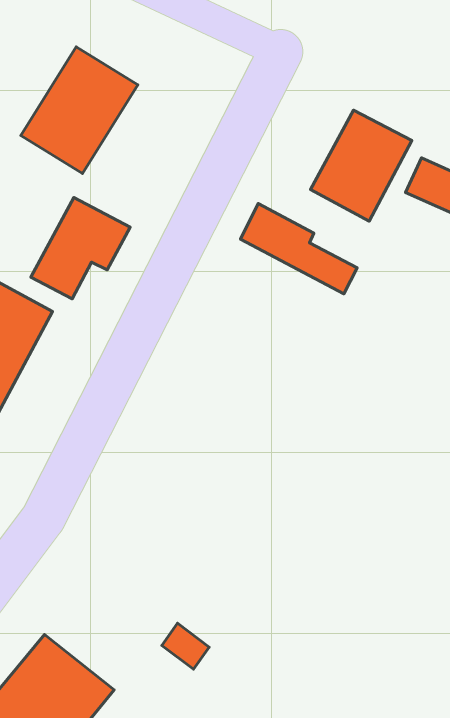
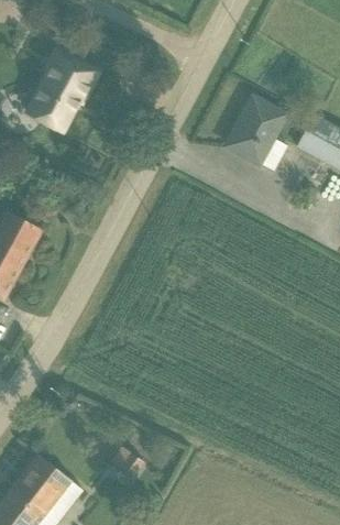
building: [31,198,130,299] -> none
building: [240,203,357,294] -> none

